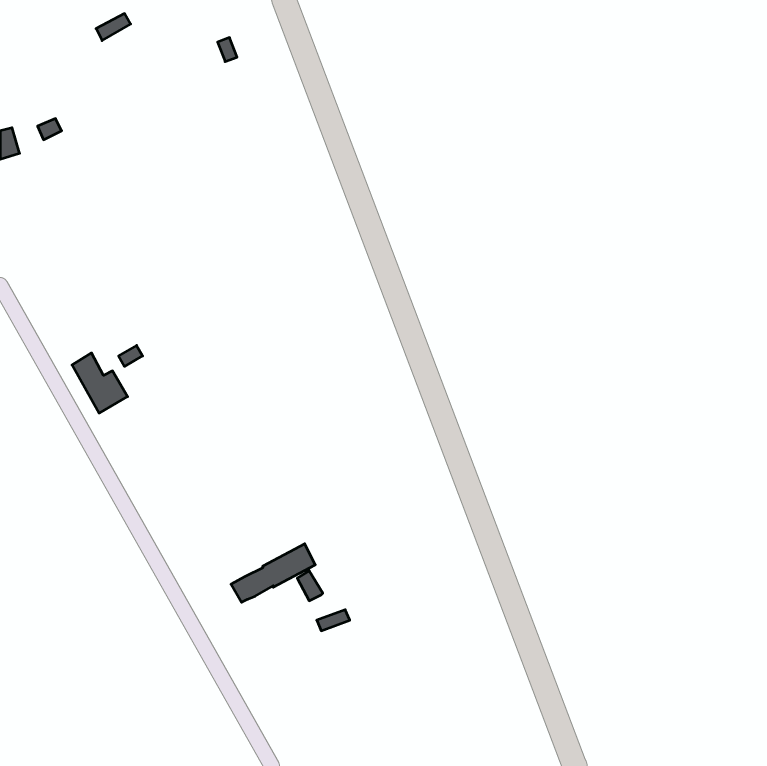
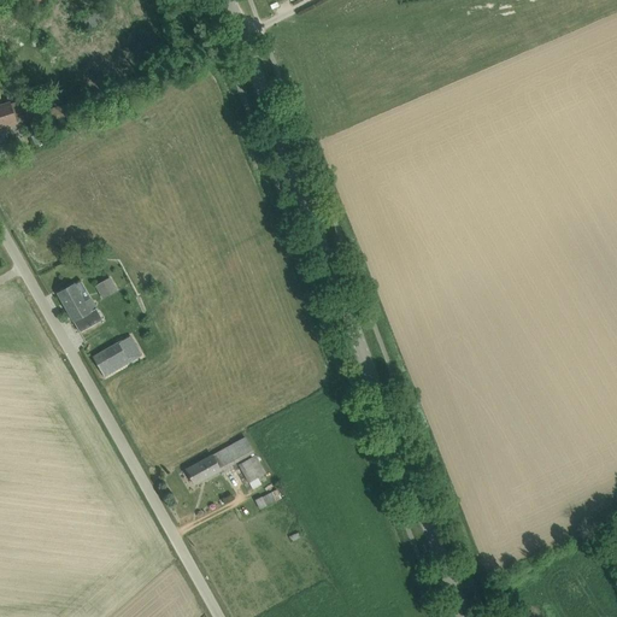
building: none -> [93,335,142,376]

